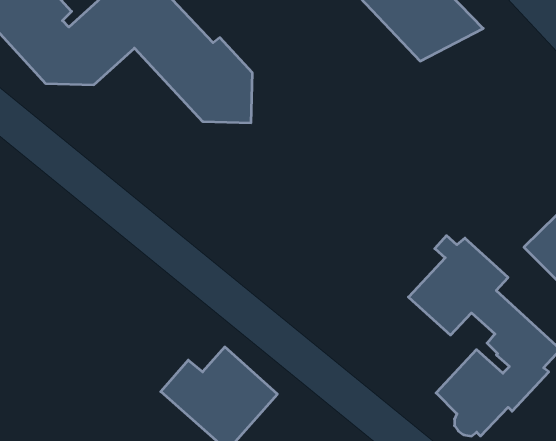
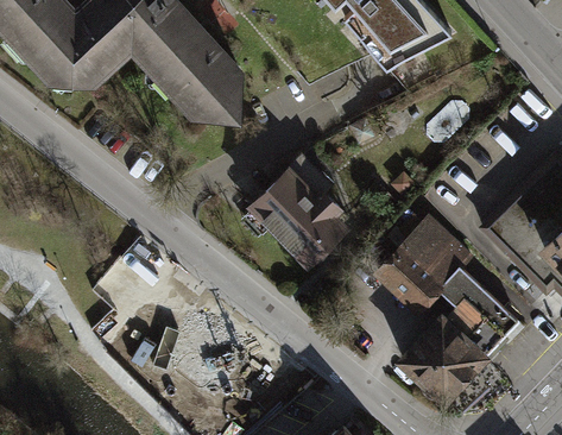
building: none -> [248,158,352,261]

